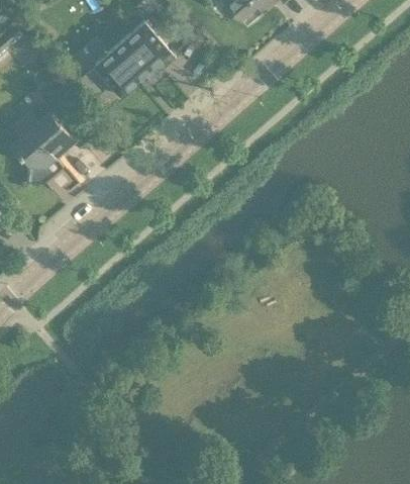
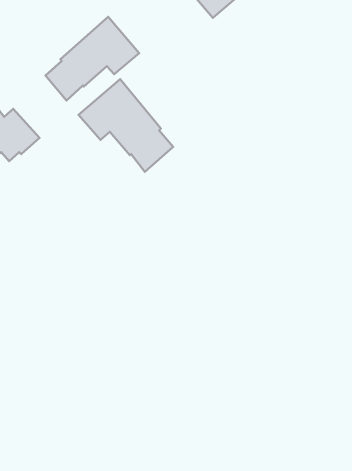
building: none -> [79,79,173,172]

